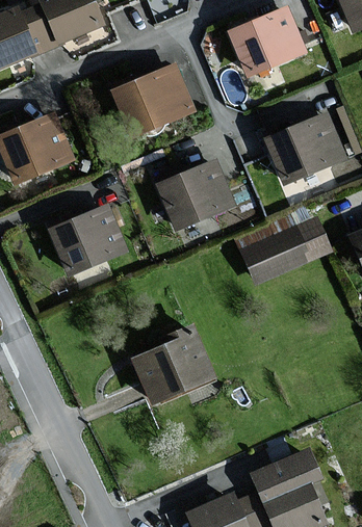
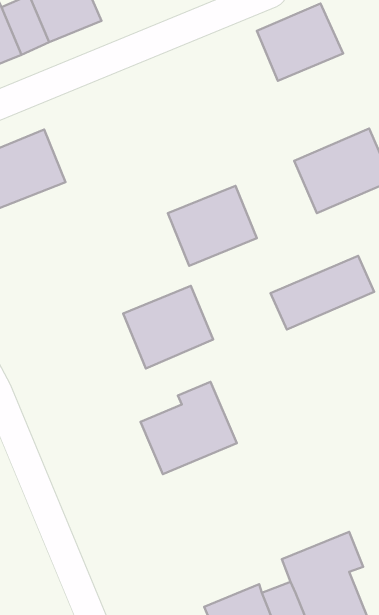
building: [113,65,191,135] -> none
building: [50,206,125,274] -> [123,286,213,368]

